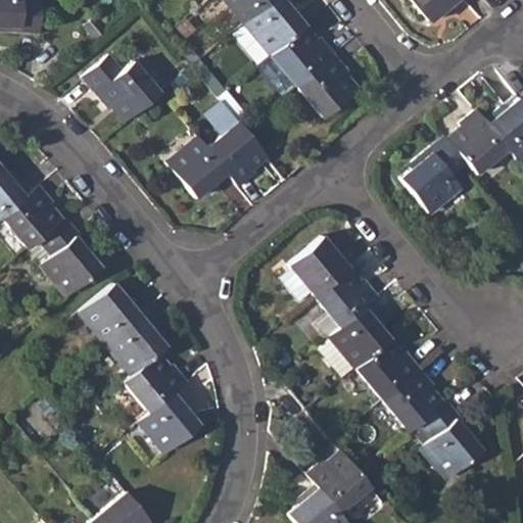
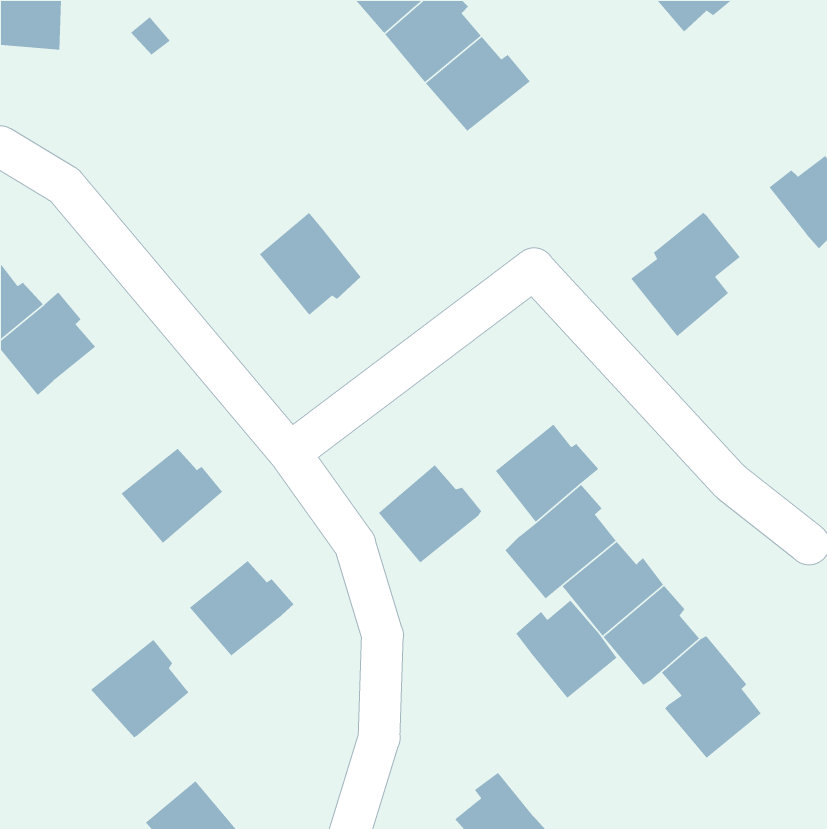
building: [83,53,161,121] -> none
building: [296,53,359,118] -> none
building: [203,98,268,187] -> none
building: [447,108,509,175] -> none
building: [37,218,101,297] -> none
building: [287,235,352,297] -> [378,464,482,563]
building: [105,311,167,375] -> none
building: [138,390,200,453] -> [90,639,189,738]
building: [305,451,370,514] -> [515,599,618,699]

